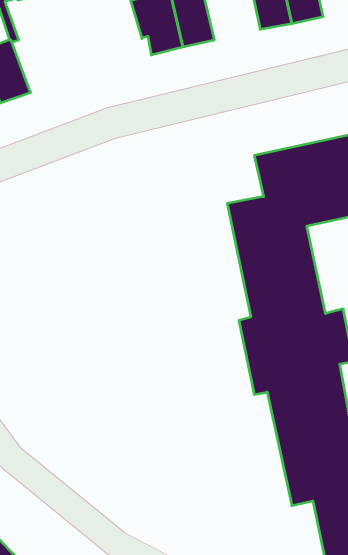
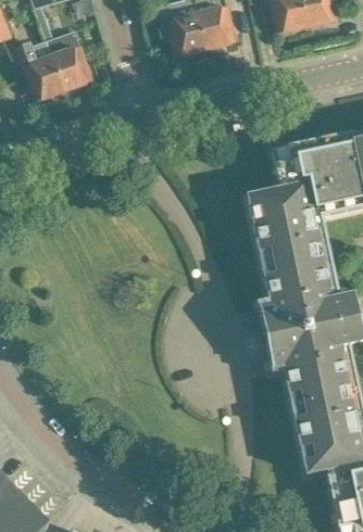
building: none -> [47,34,92,91]

